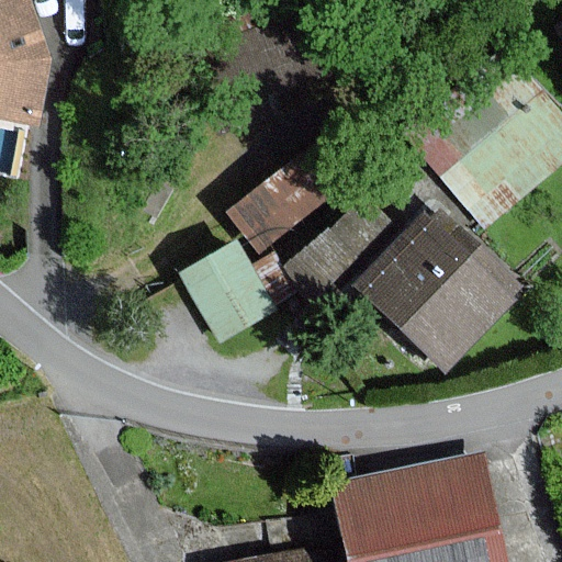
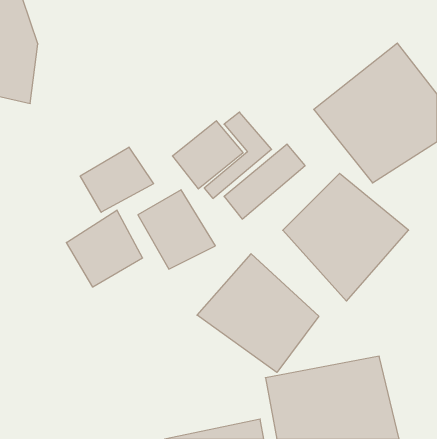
building: none -> [80,147,154,212]
building: none -> [66,210,143,287]
building: none -> [197,254,319,372]

